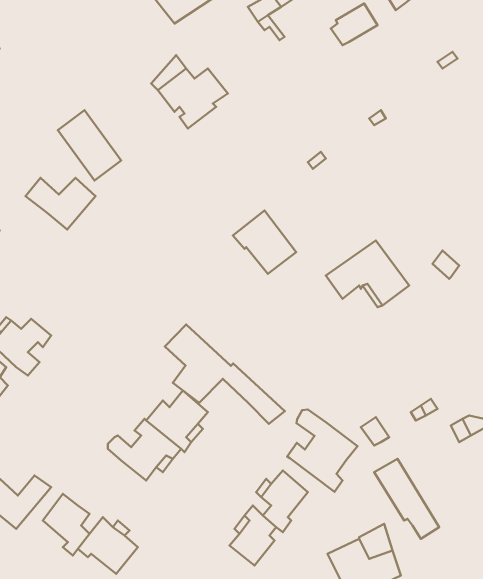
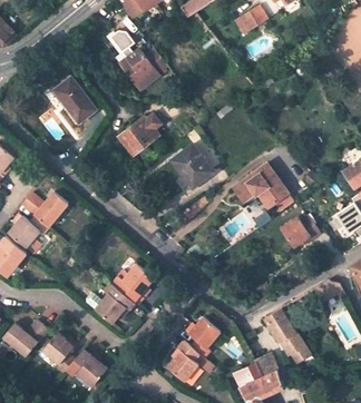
building: none -> [117,115,159,155]
building: [26,178,96,230] -> [20,193,67,227]
building: none -> [279,215,320,248]
building: [165,325,285,424] -> none
building: [287,409,358,492] -> none

